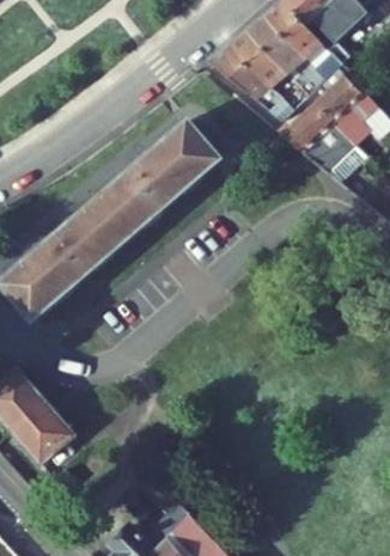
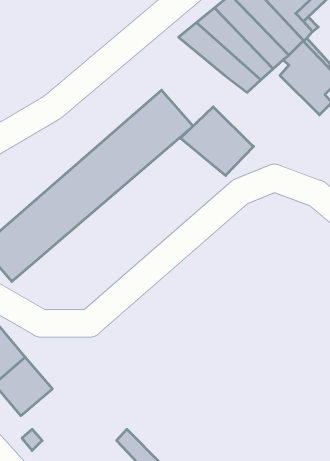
building: [281,102,359,175] -> [181,107,254,176]

